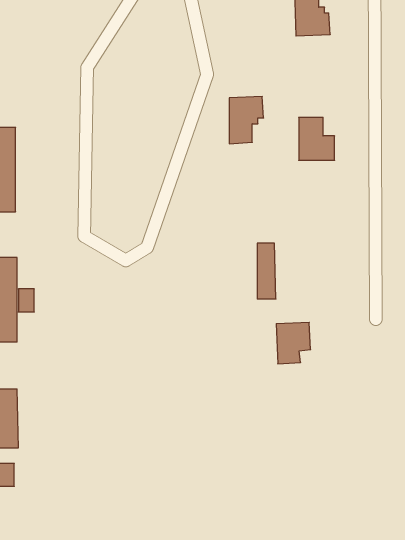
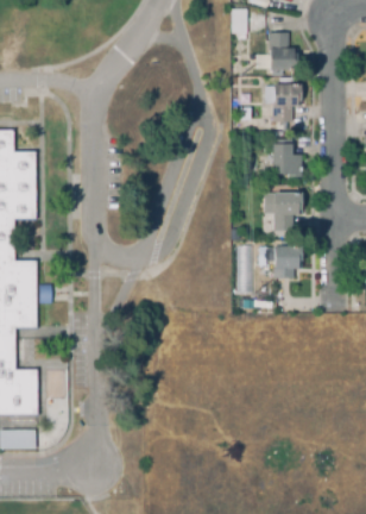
building: [229,97,264,144] -> [273,86,302,125]
building: none -> [273,195,302,233]
building: [276,322,311,364] -> [274,247,303,282]

